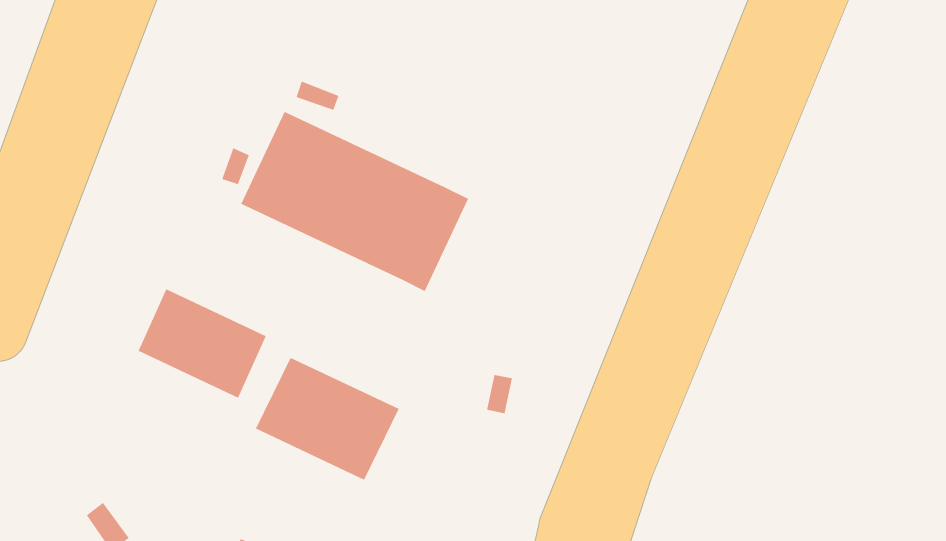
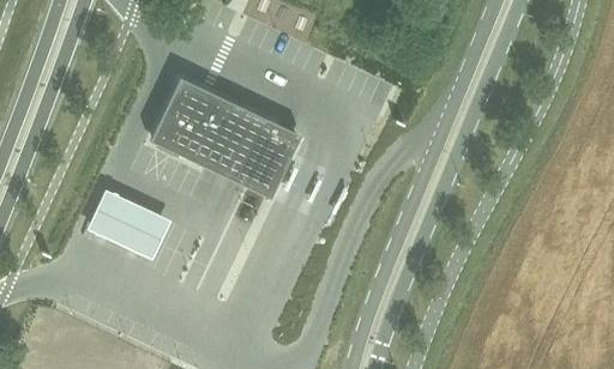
building: [255,357,400,481] -> none

